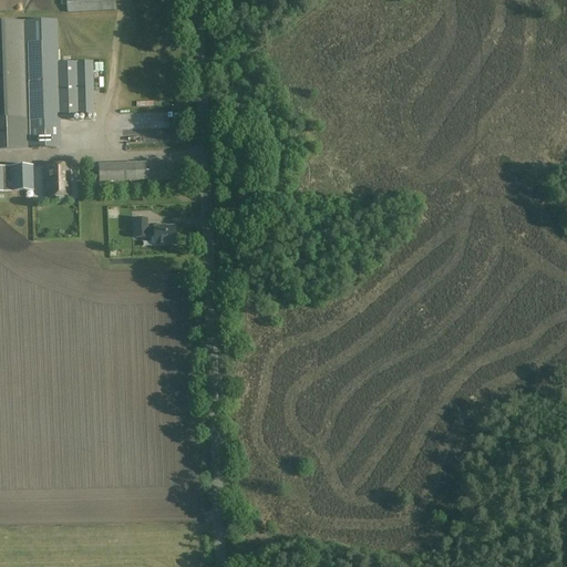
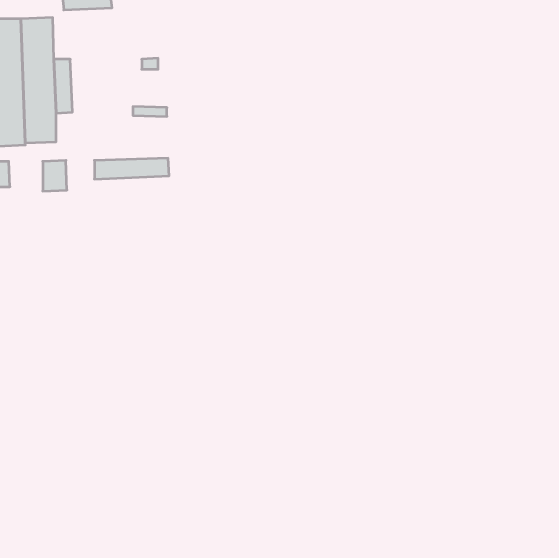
building: [71,59,90,113] -> none
building: [9,162,31,188] -> none
building: [133,217,173,243] -> none

